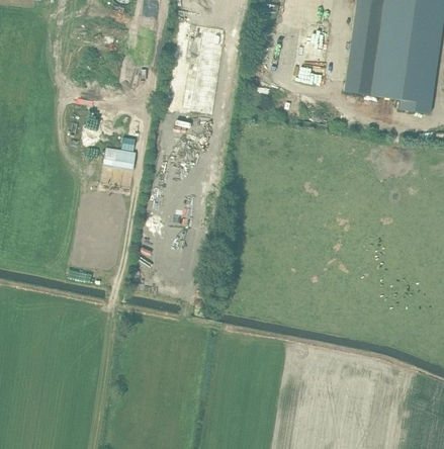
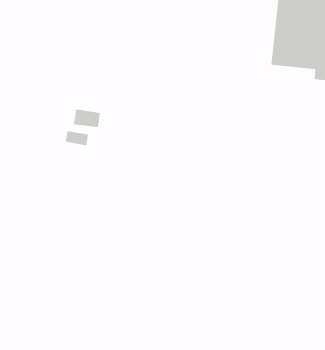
building: none -> [65,130,89,146]

